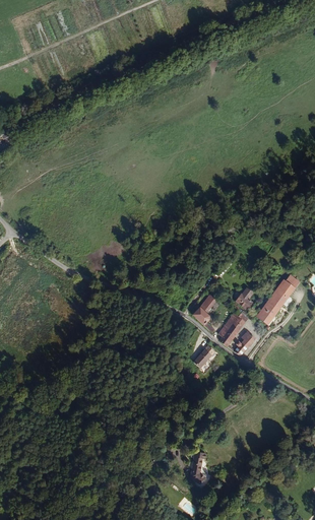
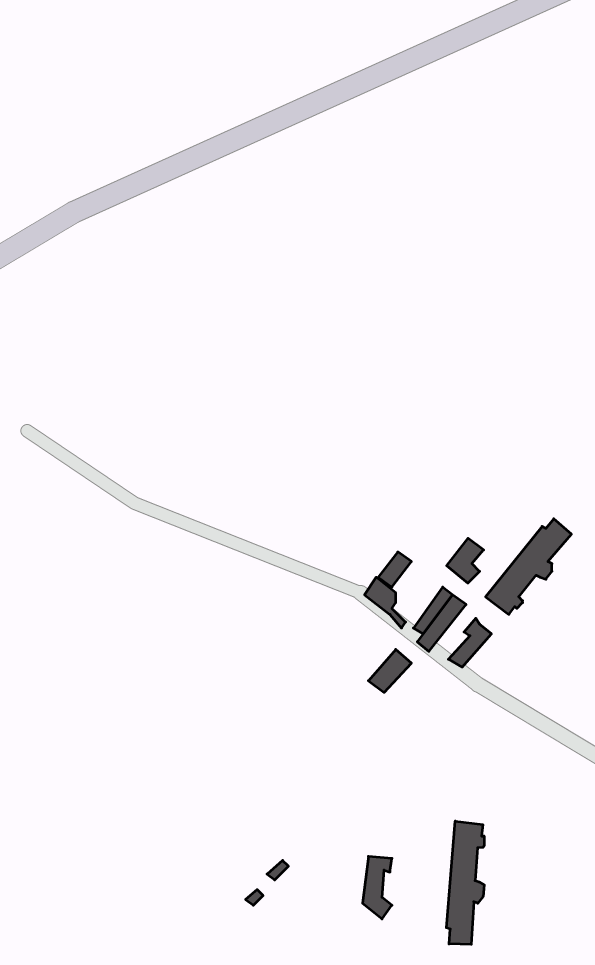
building: none -> [446,821,484,944]

